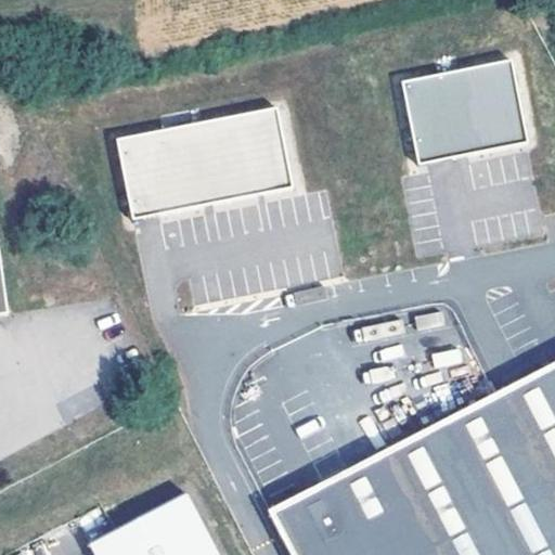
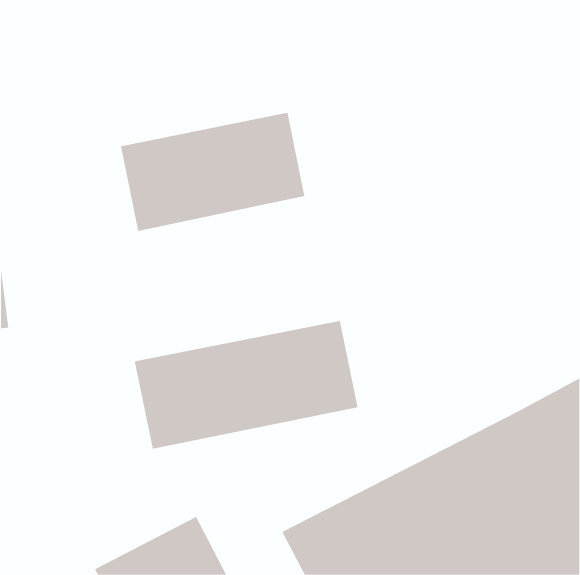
building: [400,59,527,164] -> none
building: none -> [134,320,358,449]

